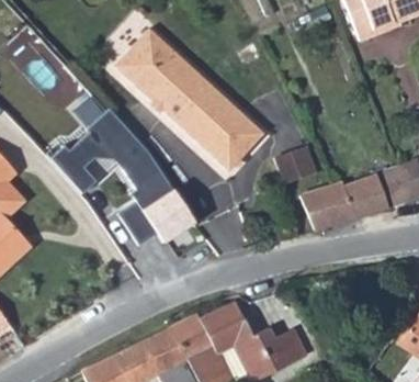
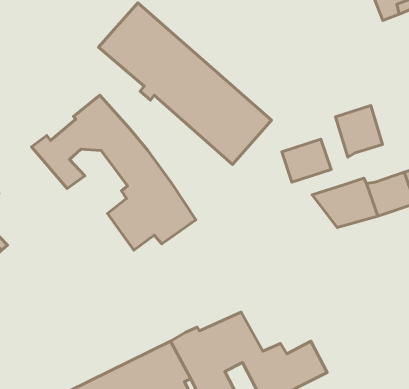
building: none -> [335,105,383,157]

